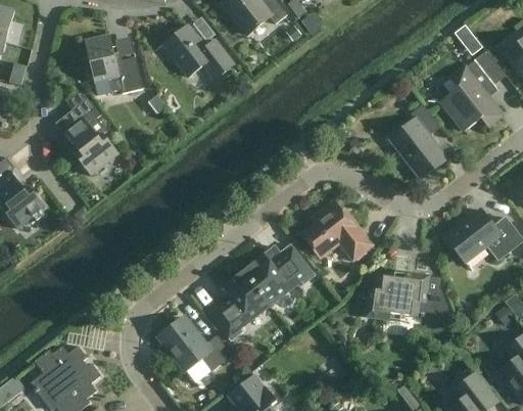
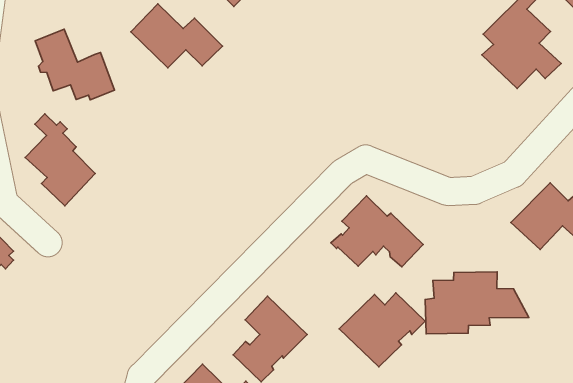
building: [389,104,447,179] -> none
building: [243,246,313,305] -> [339,293,425,367]

